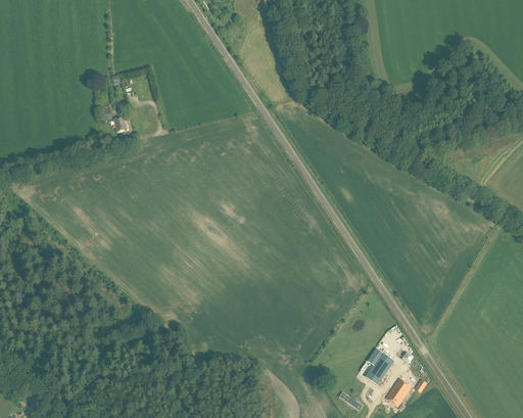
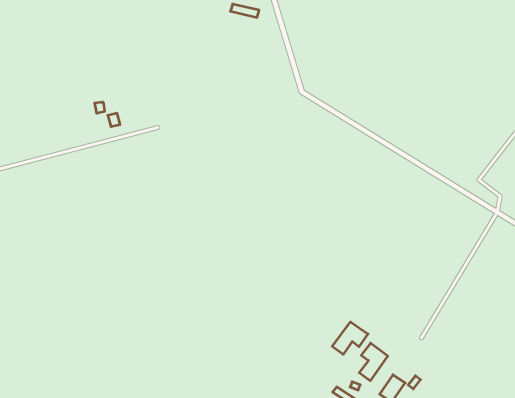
building: none -> [332,322,368,354]

